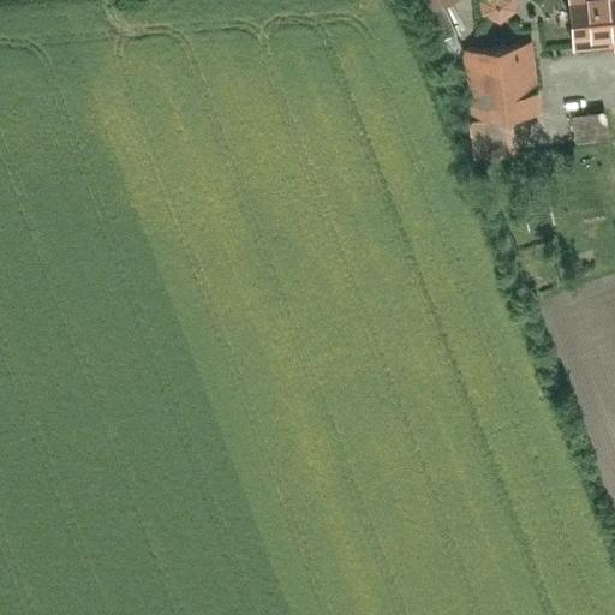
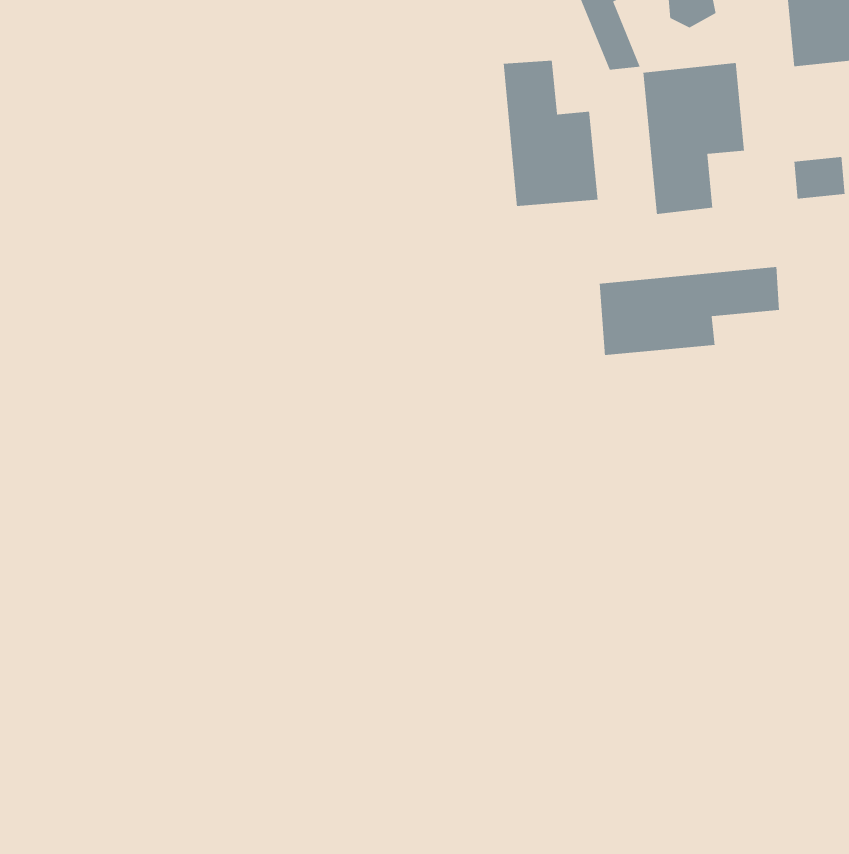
building: none -> [503,60,598,207]
building: none -> [599,266,780,356]

